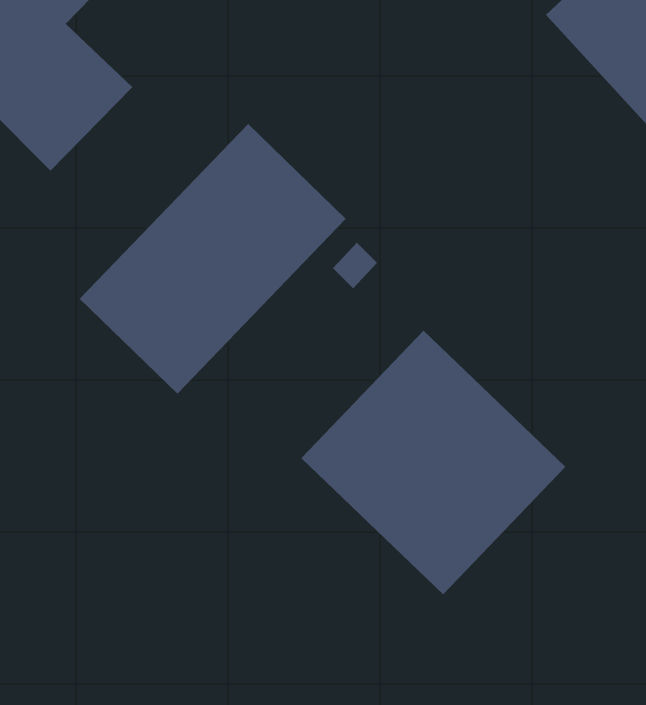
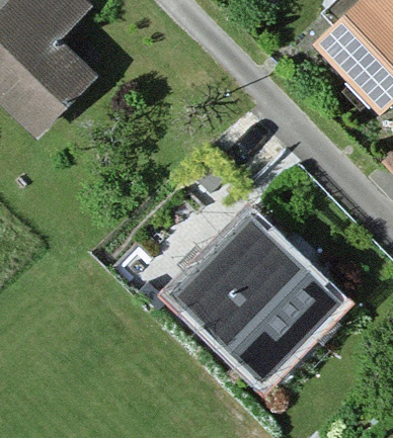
building: [79,123,347,394] -> none

